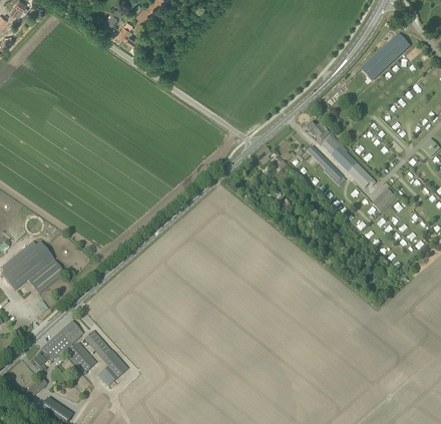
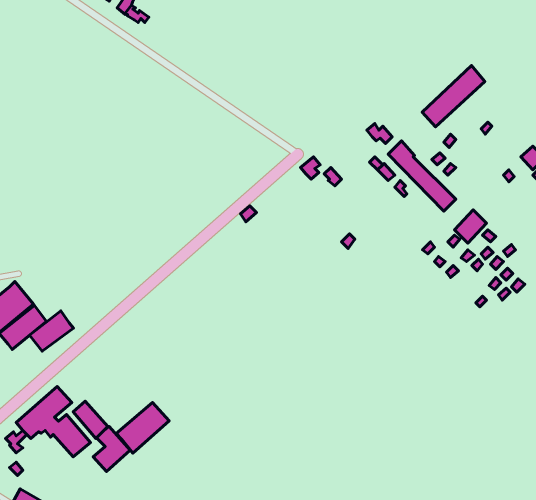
building: [362,33,409,79] -> [422,66,485,127]
building: none -> [29,311,73,351]
building: none -> [116,403,169,453]

